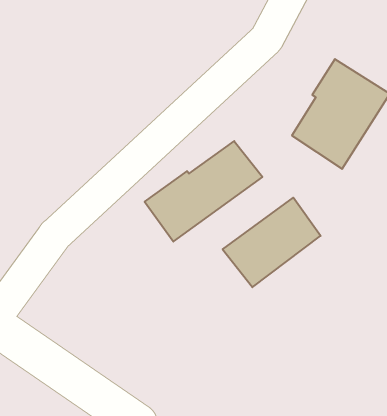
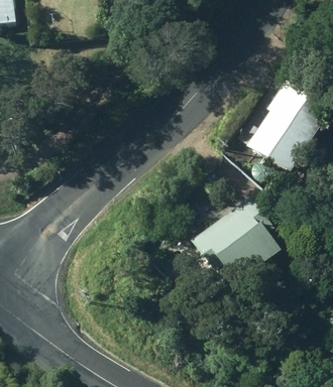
building: [145,141,262,242] -> none

